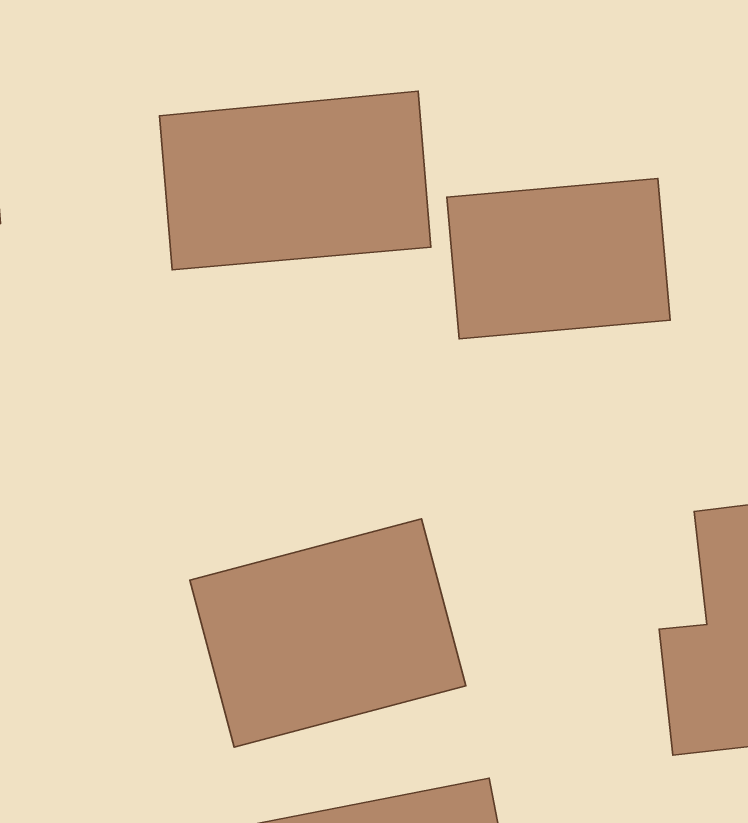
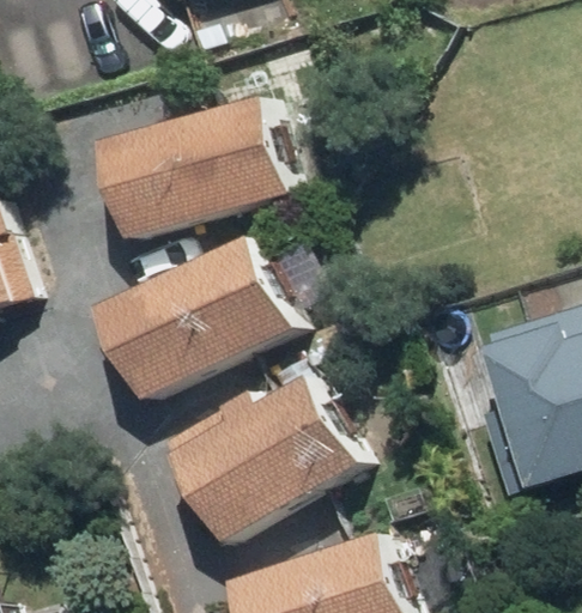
building: [447,179,670,339] -> none
building: none -> [115,231,328,396]

